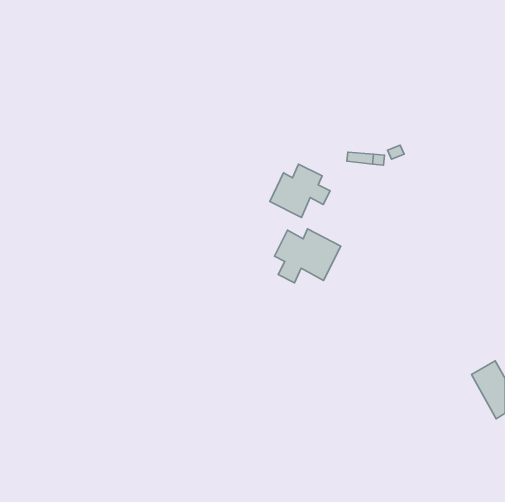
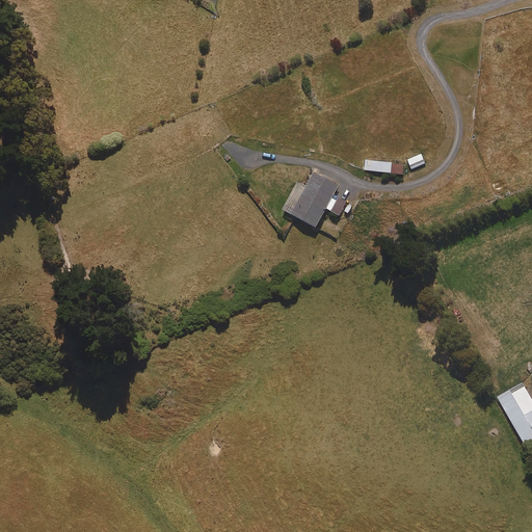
building: [275,229,341,283] -> none

